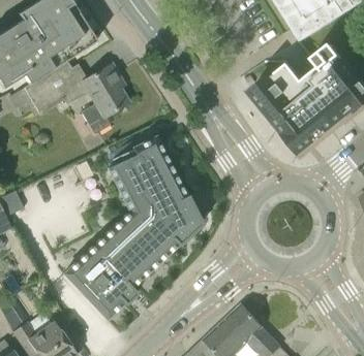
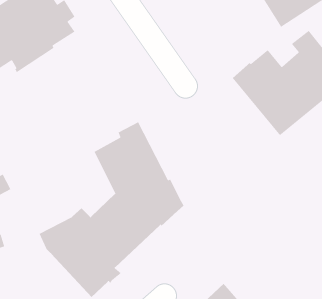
building: [24,62,128,134] -> none

